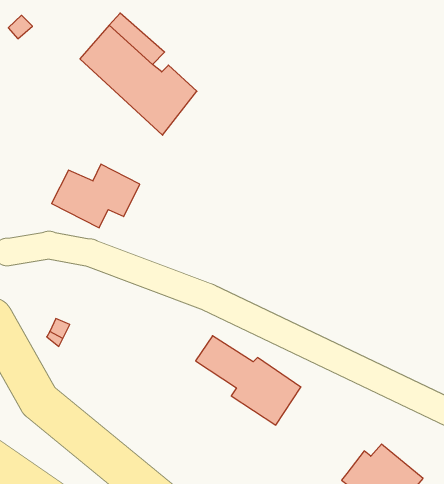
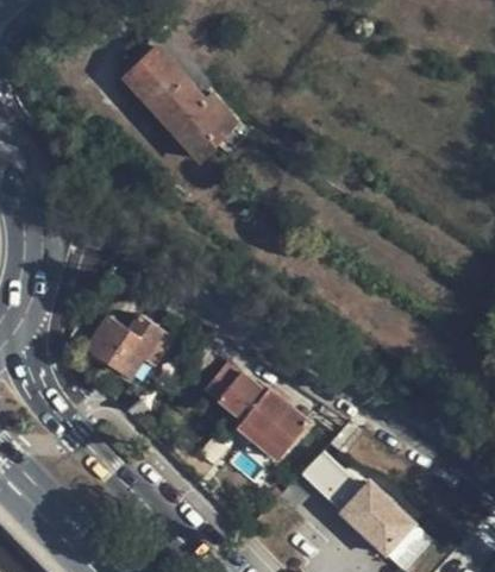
building: [52,164,140,228] -> [87,315,175,377]
building: none -> [301,447,365,511]

